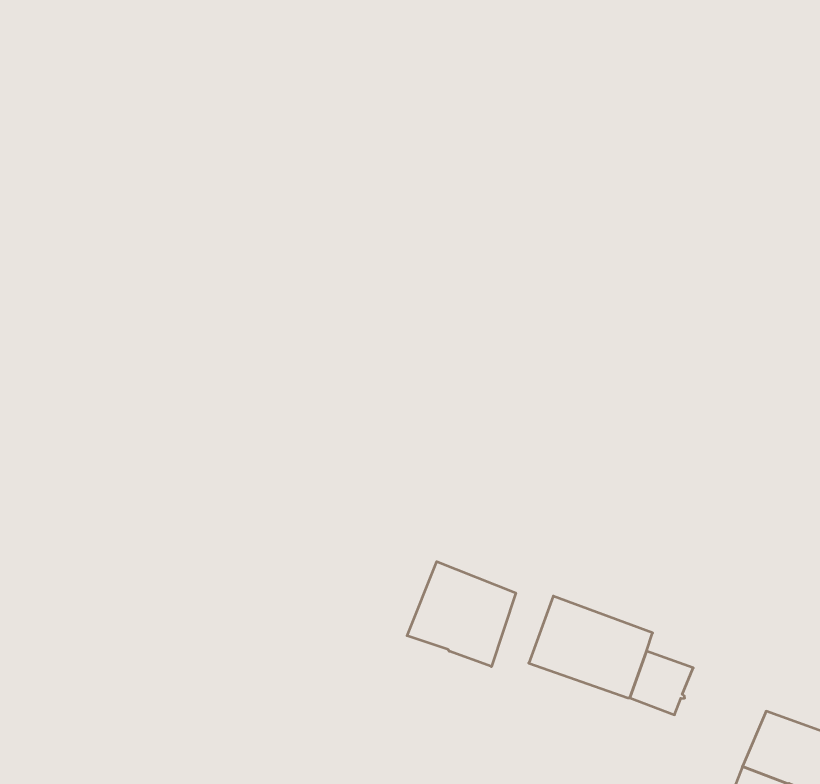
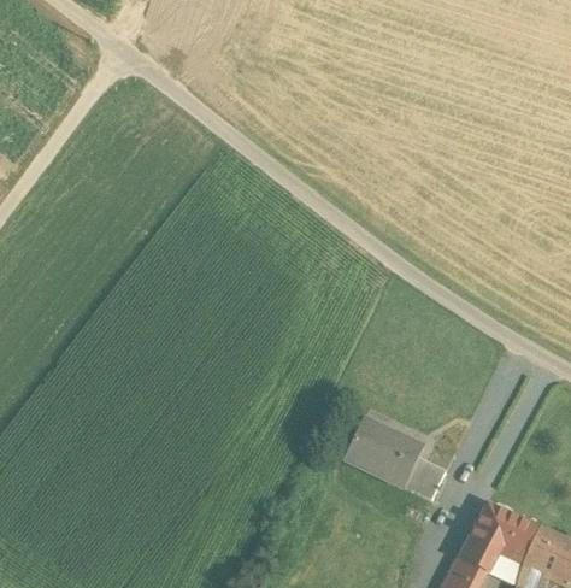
building: [407,562,516,667] -> none

